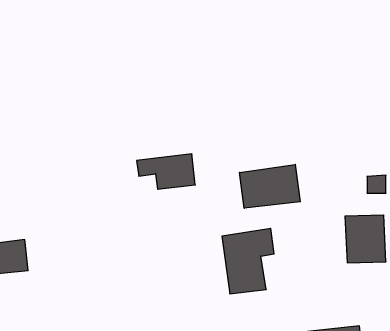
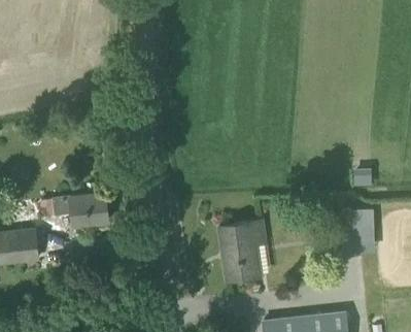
building: [137,154,195,189] -> [53,193,107,226]
building: [240,164,300,208] -> none

